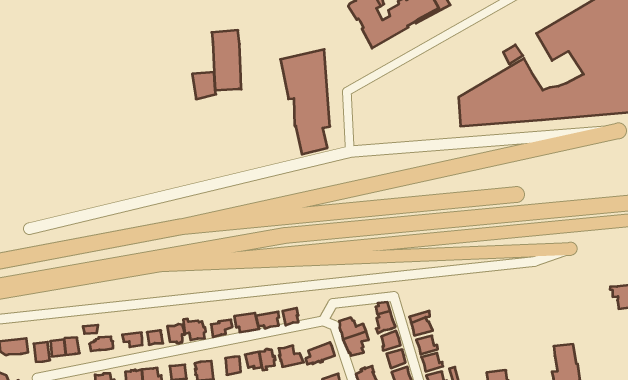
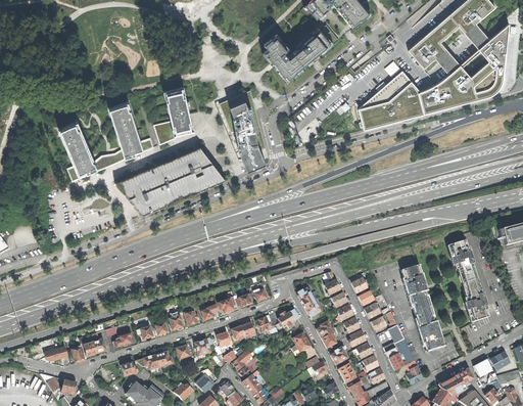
building: none -> [58,100,154,182]
building: none -> [117,147,226,216]
building: none -> [448,240,476,283]
building: none -> [402,267,428,312]

